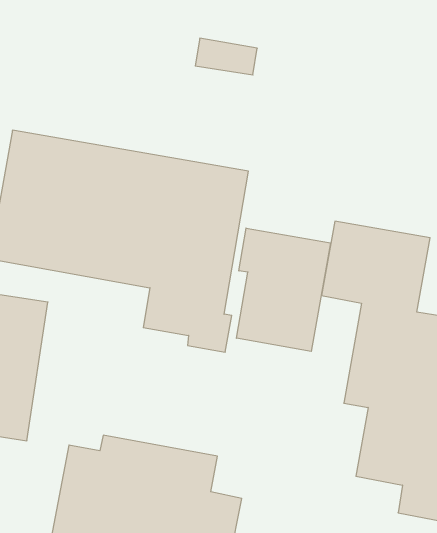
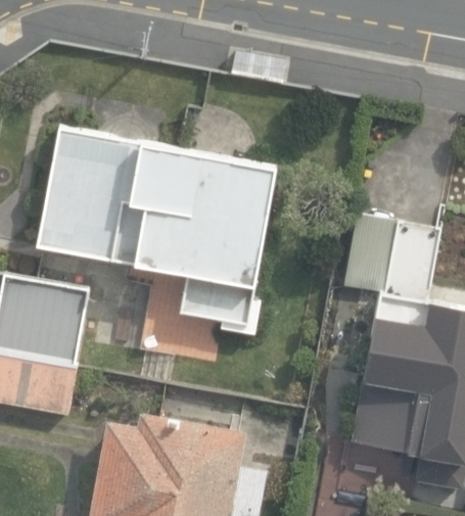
building: [236,228,331,351] -> none

